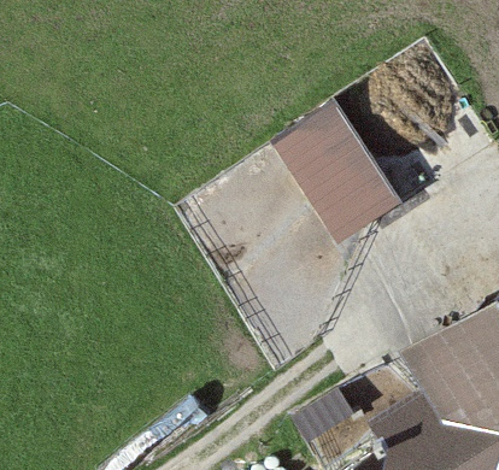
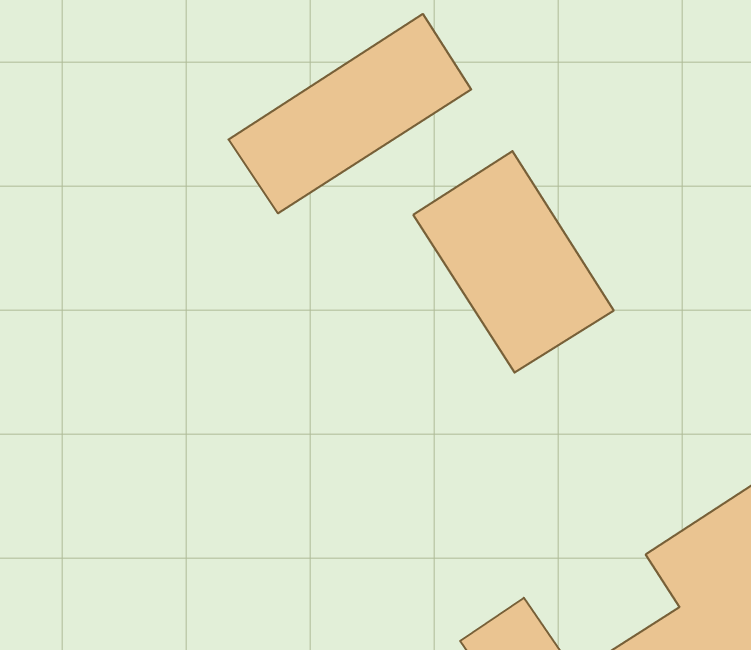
building: none -> [228,14,471,213]

